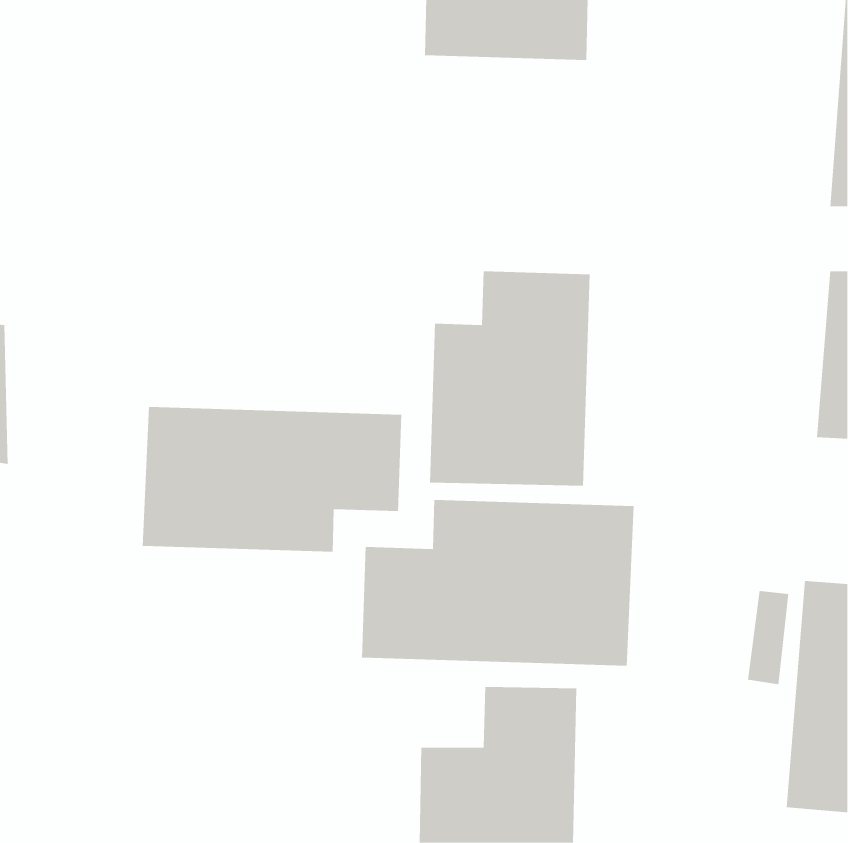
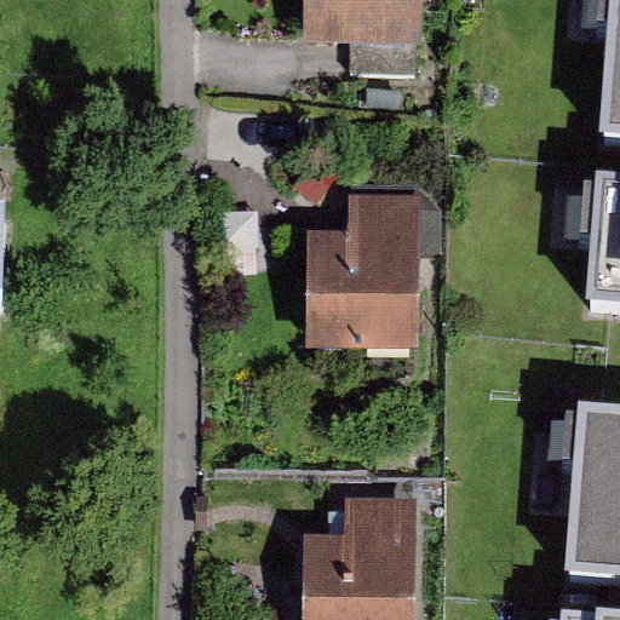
building: [142,406,402,553] -> none
building: [362,499,634,667] -> none

